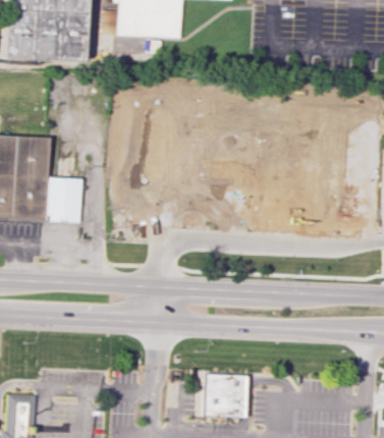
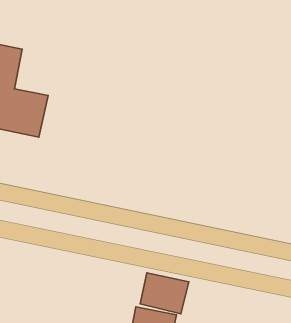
building: none -> [140,273,189,314]

